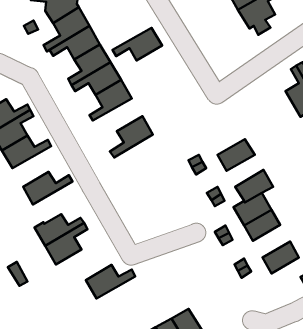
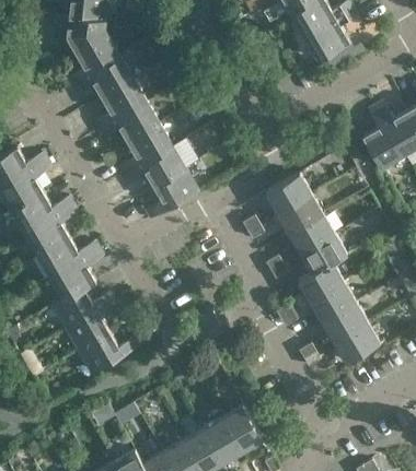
building: [113,28,162,60] -> [124,146,185,187]
building: none -> [265,174,312,216]
building: none -> [24,205,77,256]
building: none -> [289,216,335,256]
building: none -> [49,249,103,302]
building: none -> [322,303,368,343]
building: [86,265,135,299] -> [78,333,139,375]

